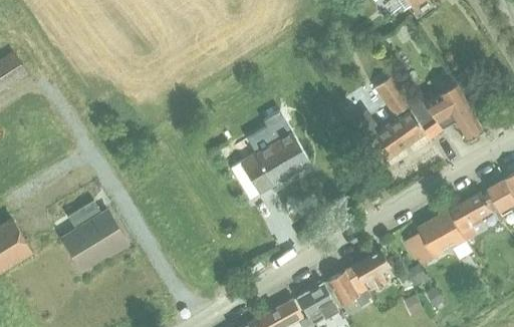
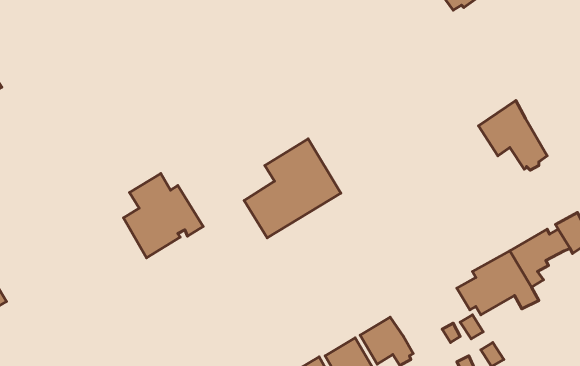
building: [350,76,441,164] -> none
building: [63,201,130,271] -> [123,173,203,258]
building: [351,250,390,288] -> none

